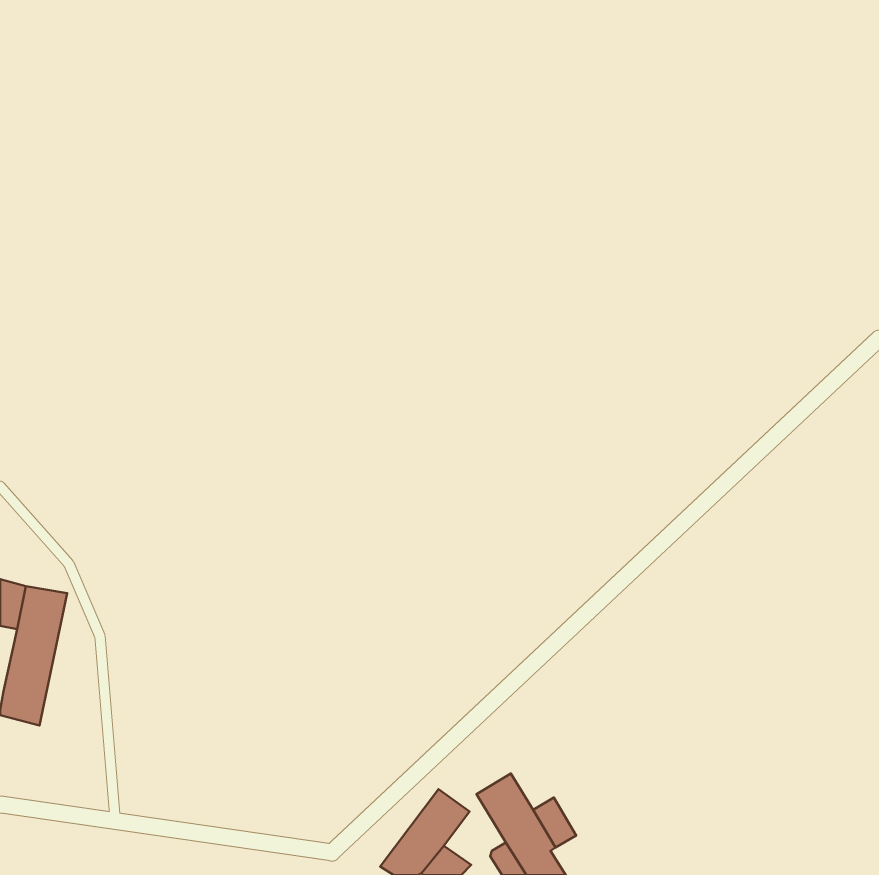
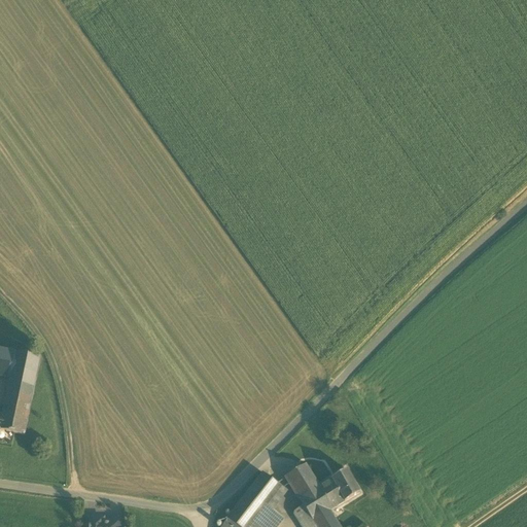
building: none -> [331,469,359,500]

